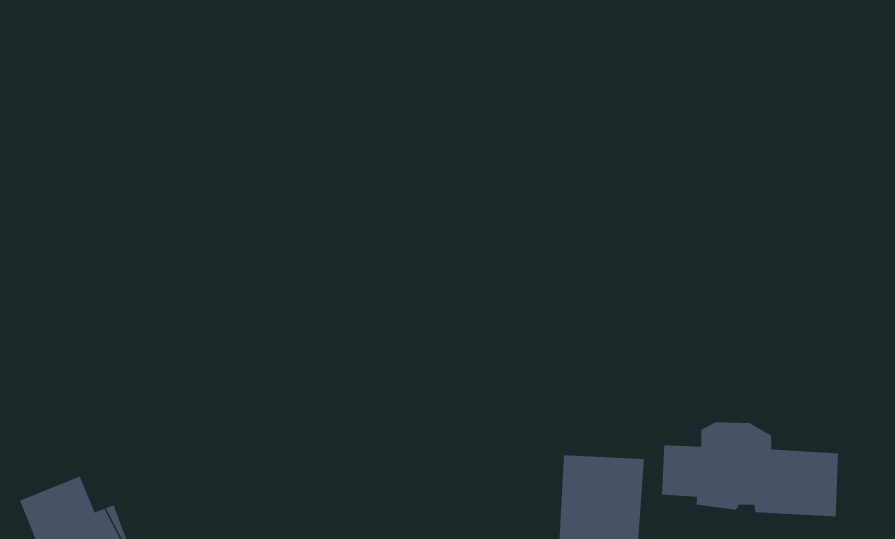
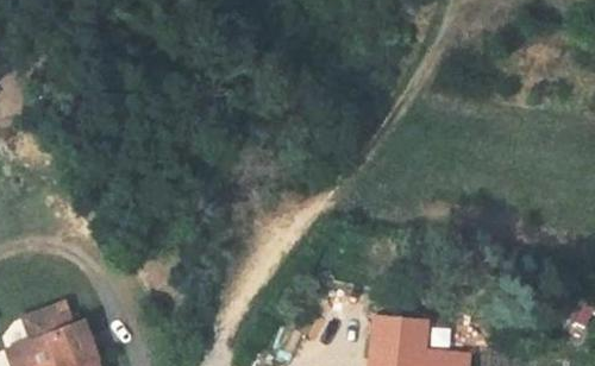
building: [661,422,838,517] -> none

